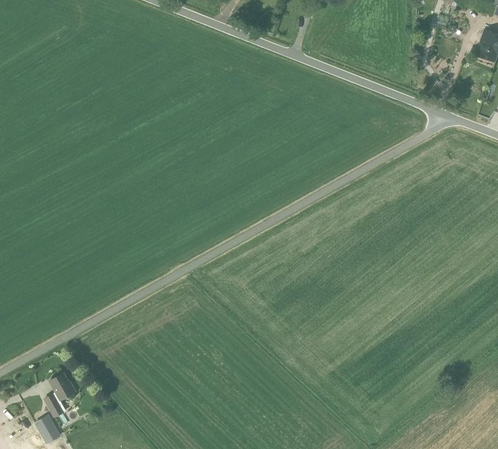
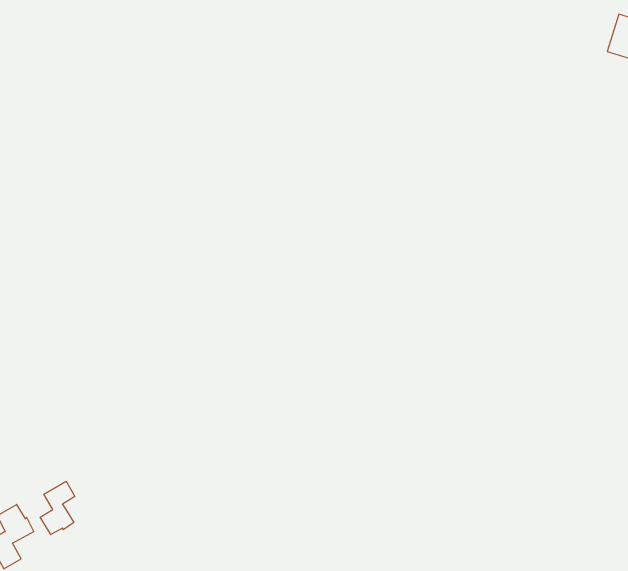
building: none -> [40,481,75,535]

